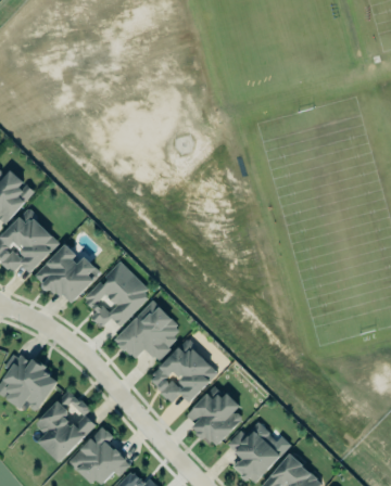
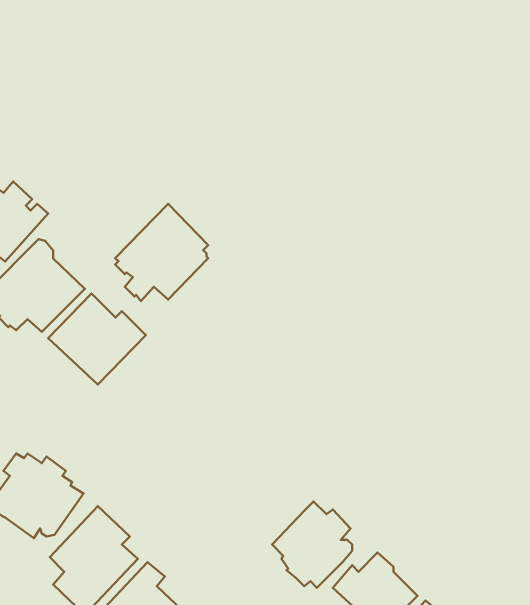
building: [85,260,148,327] -> [115,204,208,301]
building: [114,300,178,359] -> none
building: [151,340,218,402] -> none

